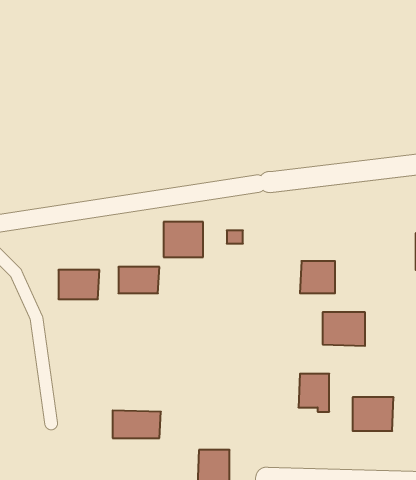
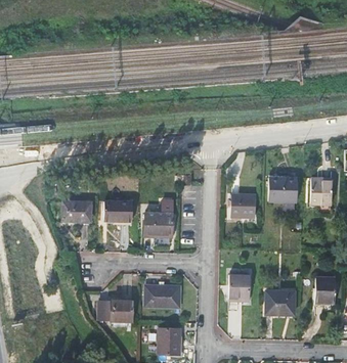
building: [164,222,203,257] -> [145,212,173,236]
building: [323,312,365,346] -> [267,178,297,201]
building: none -> [146,286,181,306]

